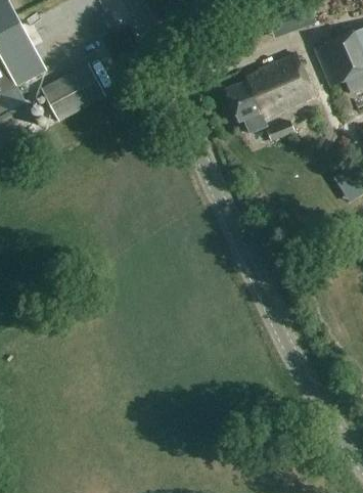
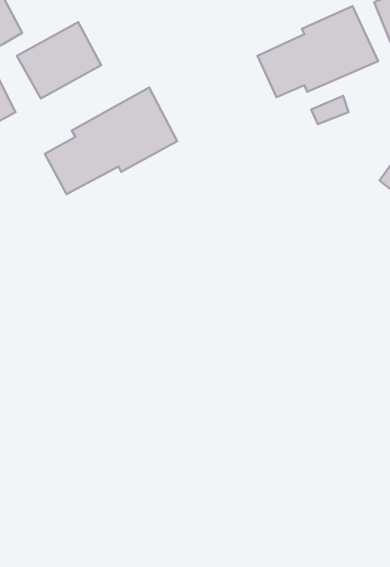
building: none -> [45,87,177,194]

